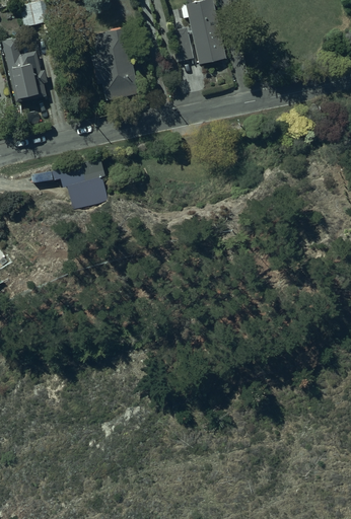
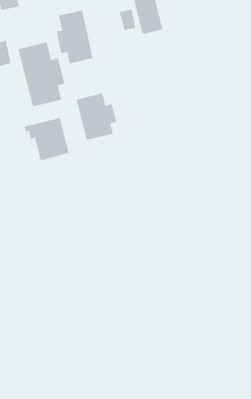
building: none -> [18,42,65,107]
building: none -> [76,92,117,141]

